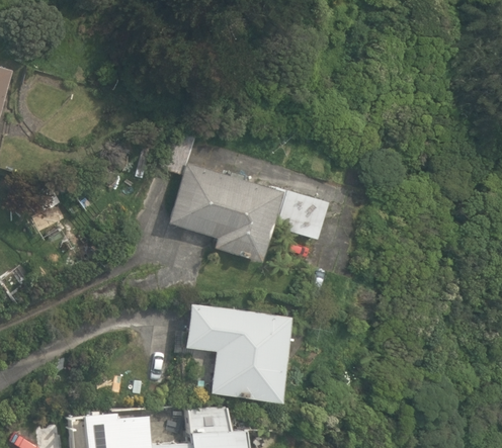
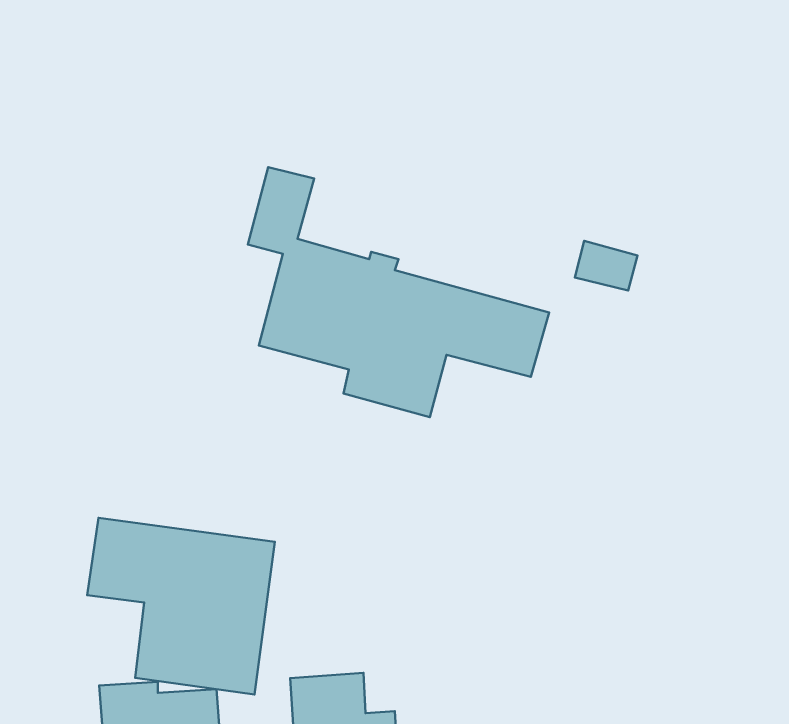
building: [187,304,290,401] -> [87,518,275,694]

